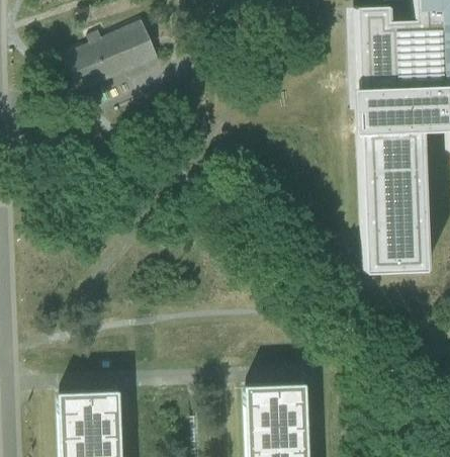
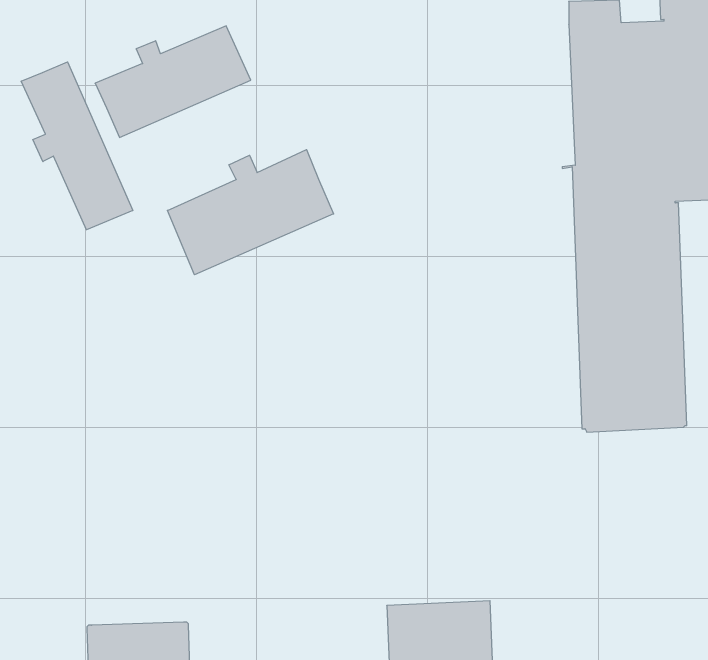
building: none -> [21,62,133,230]
building: none -> [167,150,334,275]

